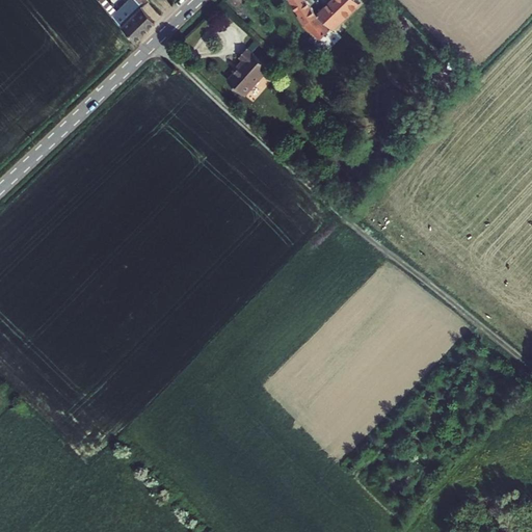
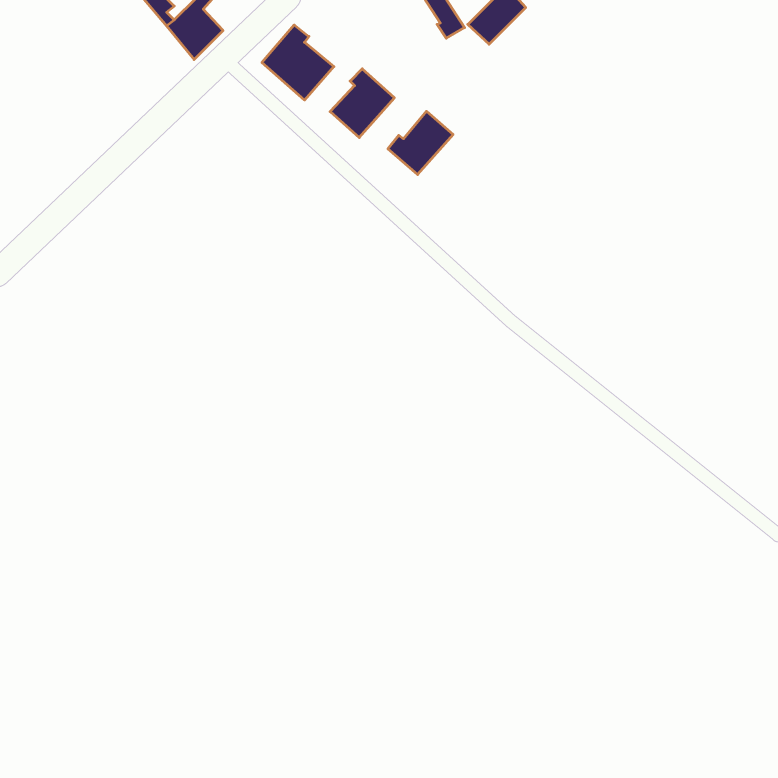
building: none -> [262,25,334,100]
building: none -> [388,111,453,175]

